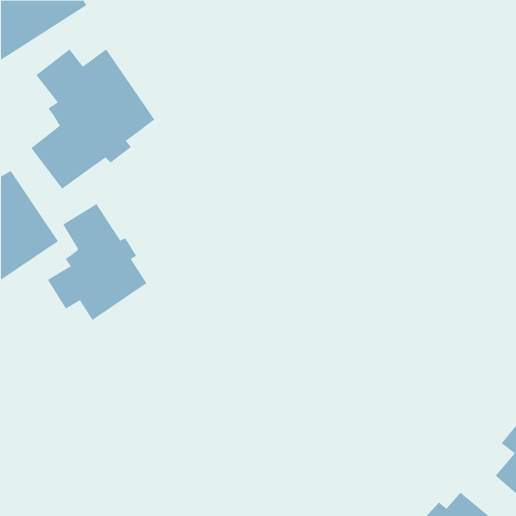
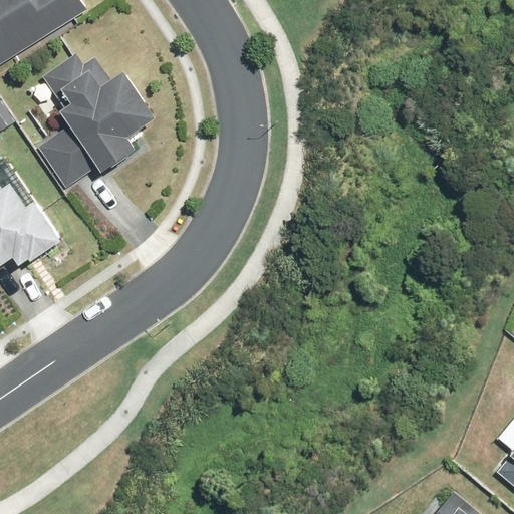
building: [47,203,147,321] -> none

